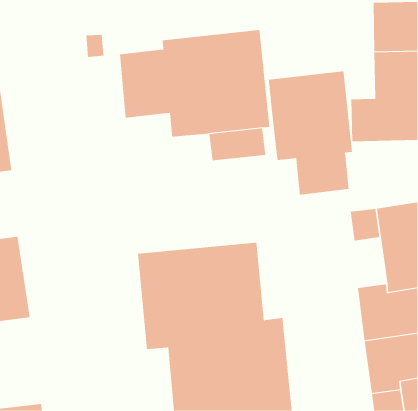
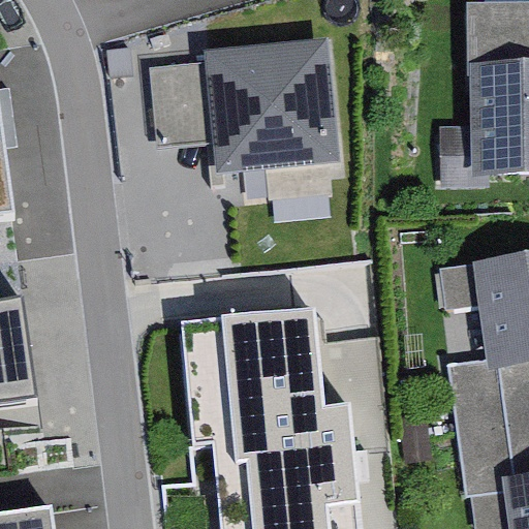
building: [268,71,352,196] -> none

